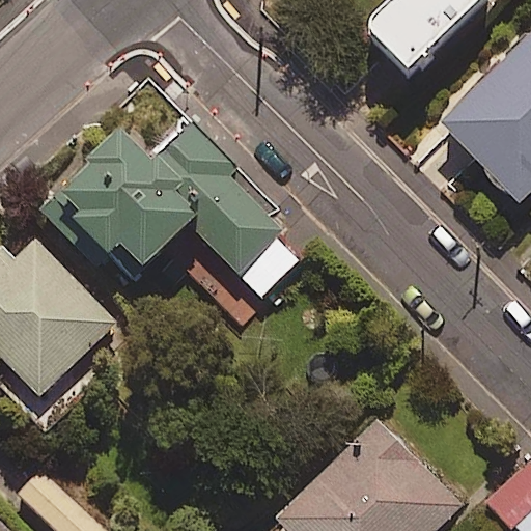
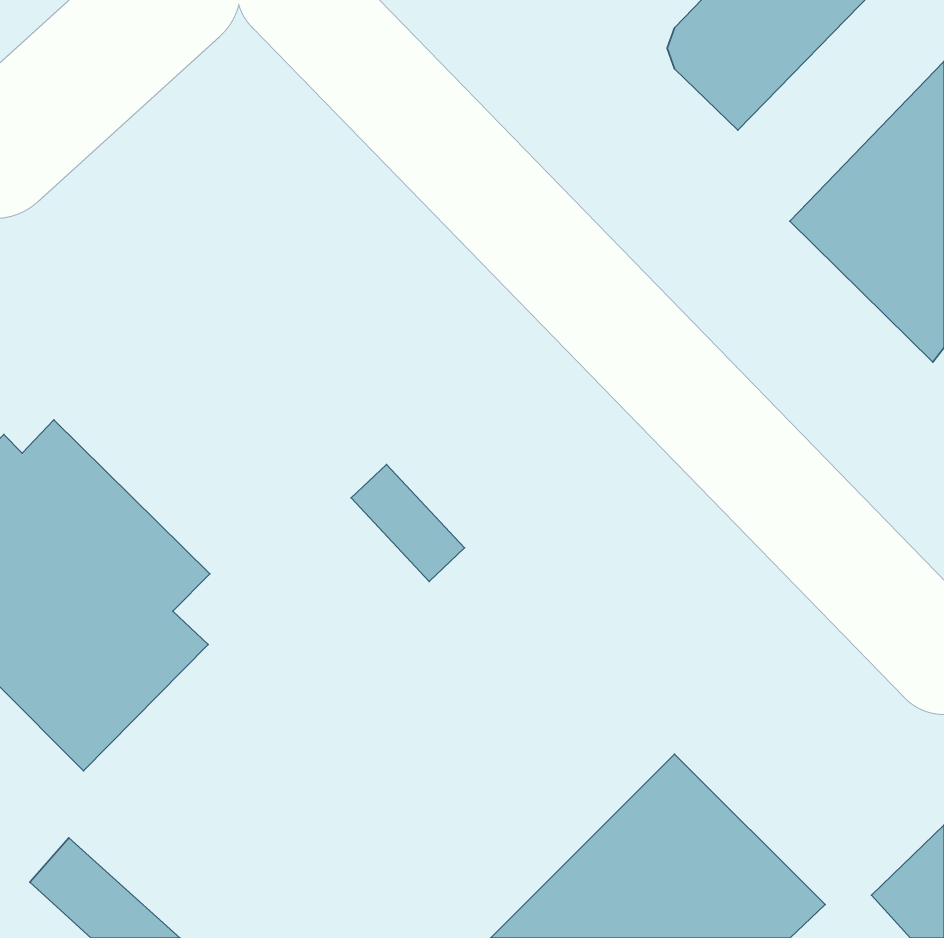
building: [43,123,301,296] -> none

